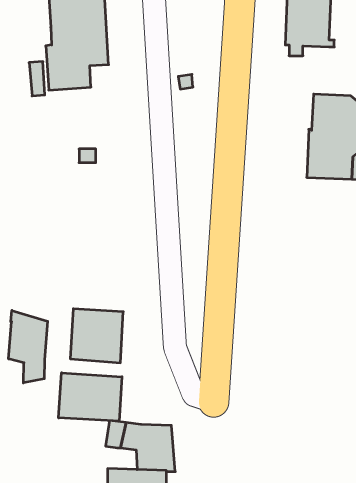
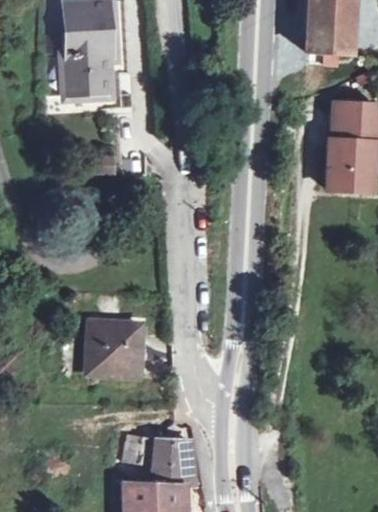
building: [9,310,48,383] -> none
building: [59,373,122,421] -> none

